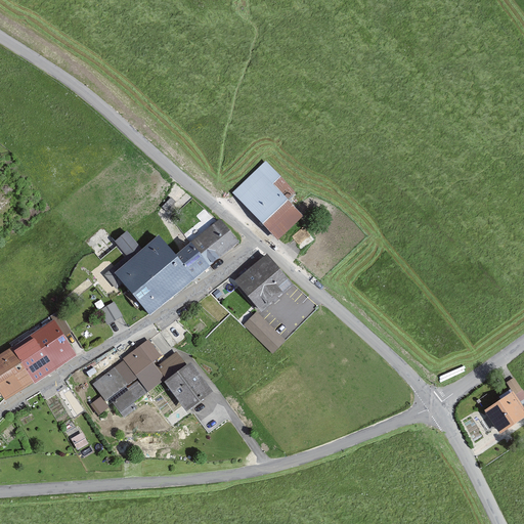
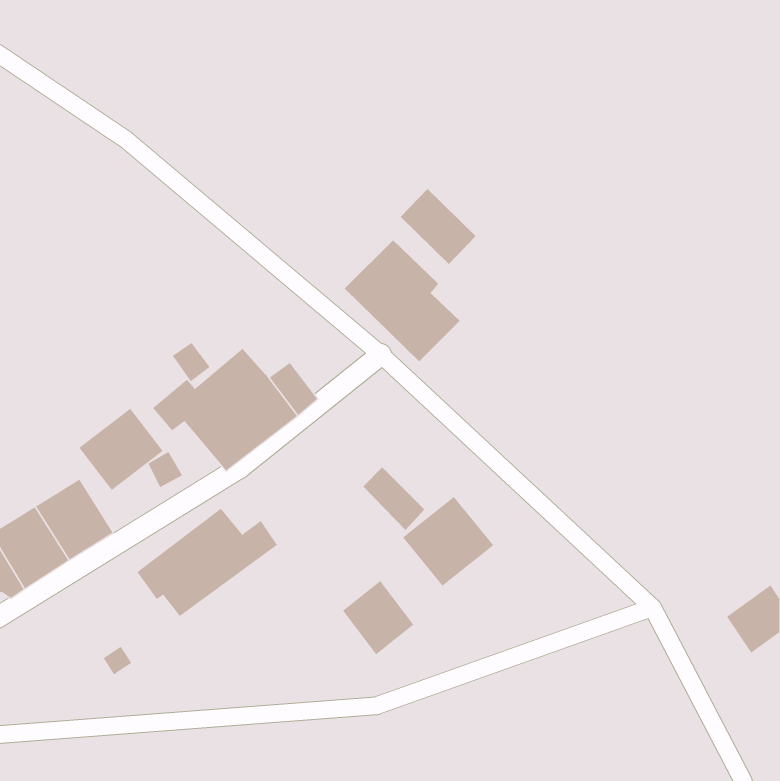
building: none -> [400,188,477,265]
building: [190,217,238,263] -> none
building: [234,252,296,312] -> [402,496,494,587]
building: none -> [78,408,163,491]
building: [166,361,214,411] -> [342,580,414,655]

